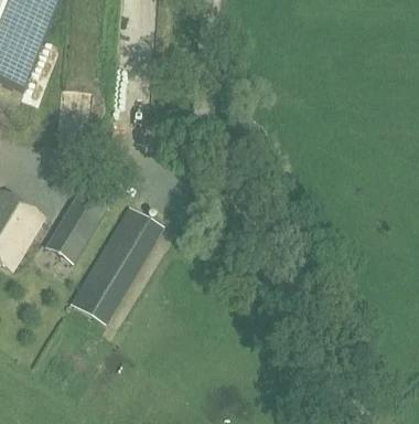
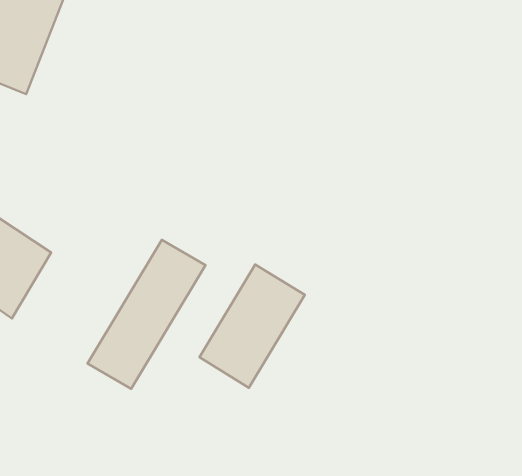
building: [43,188,108,265] -> none
building: none -> [199,264,305,388]

